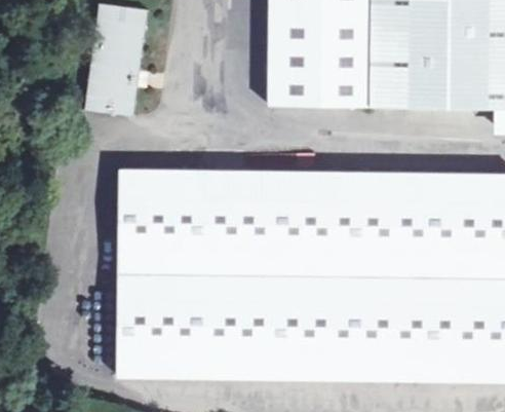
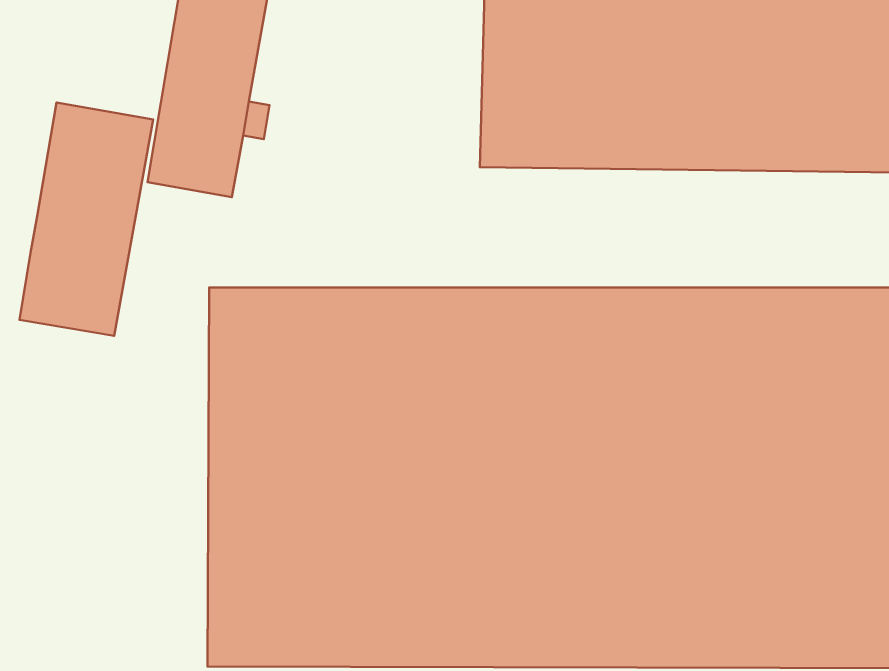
building: none -> [19,103,153,336]

